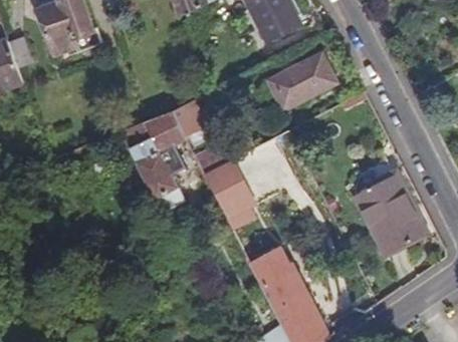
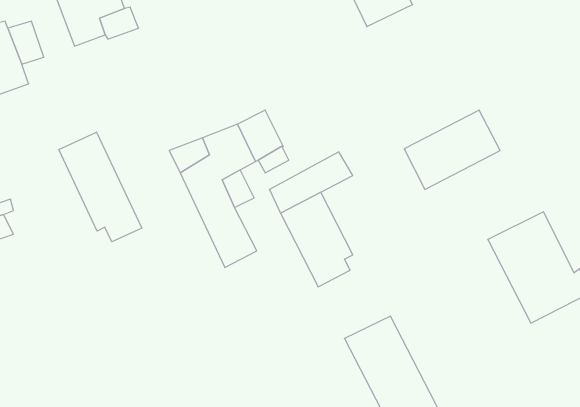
building: [269,53,338,110] -> [404,110,500,189]
building: none -> [59,132,142,242]

